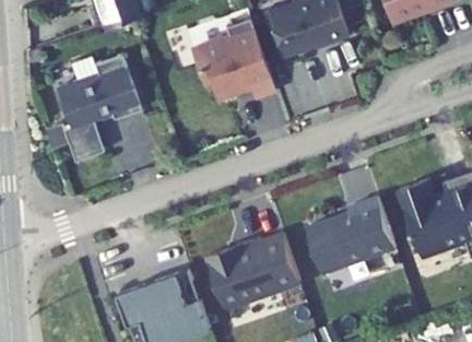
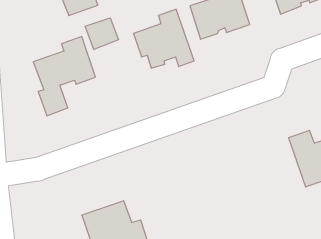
building: none -> [85,18,118,50]
building: [308,198,396,274] -> none
building: [208,235,300,309] -> none

